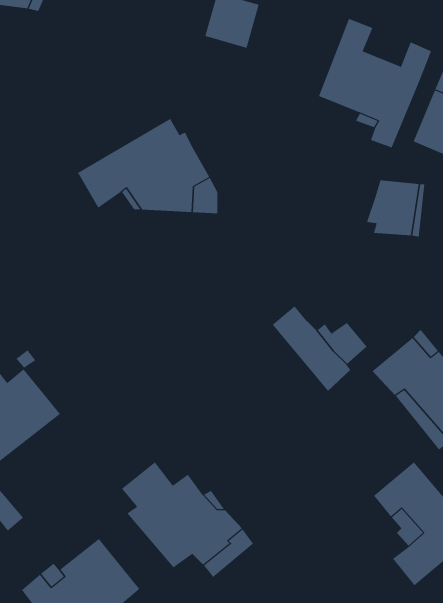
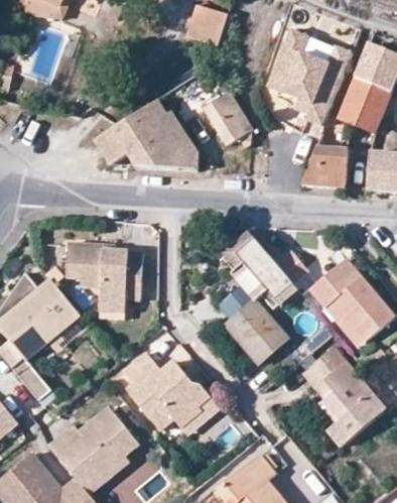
building: none -> [205,93,249,147]
building: none -> [68,247,144,308]
building: none -> [223,287,286,371]

